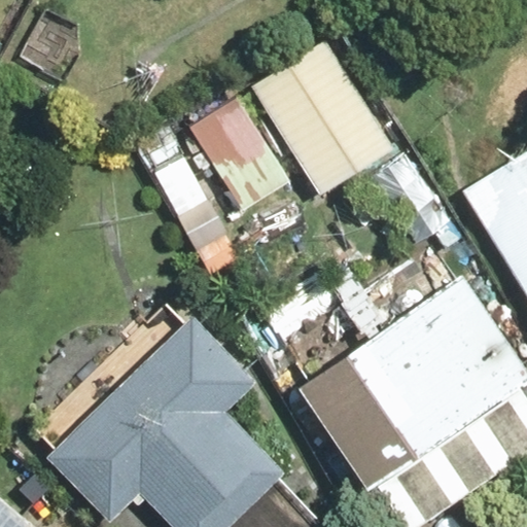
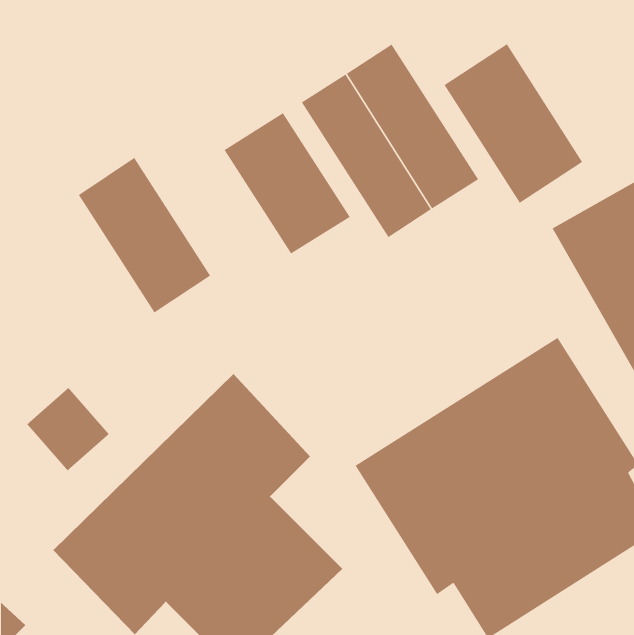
building: none -> [444,43,583,204]
building: none -> [78,157,211,314]

